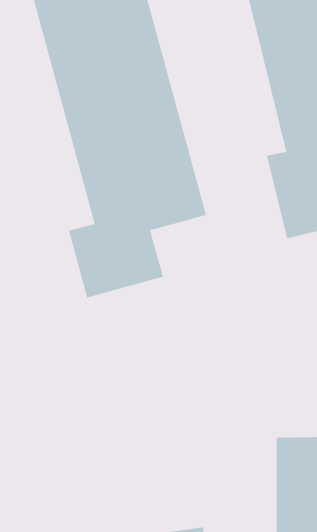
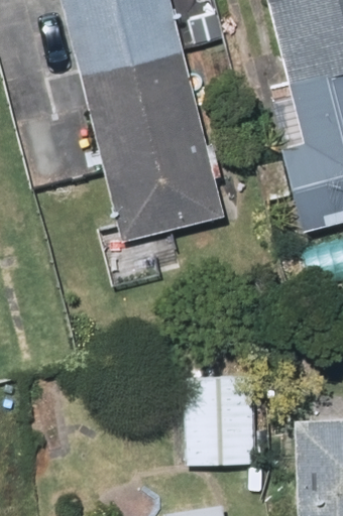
building: none -> [181,371,254,466]

